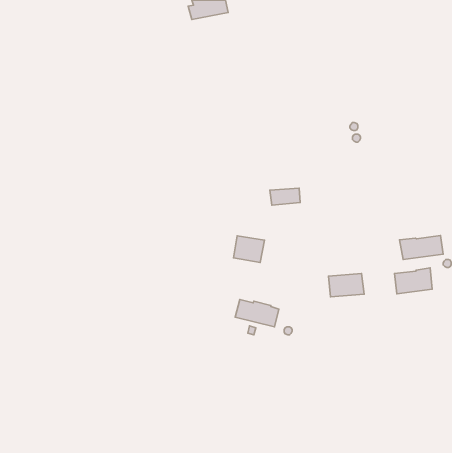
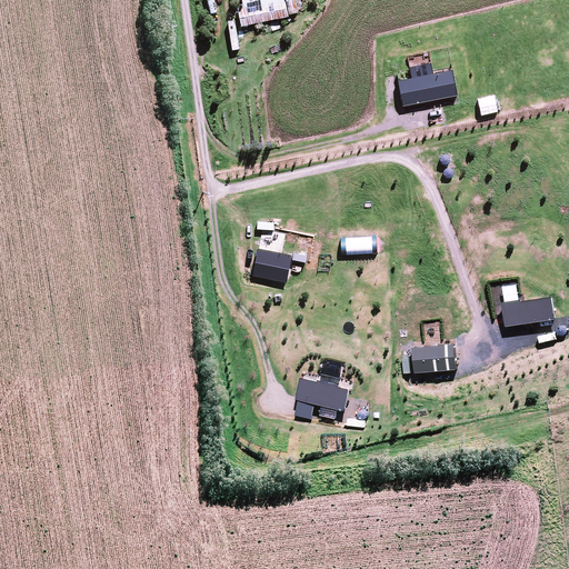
building: none -> [396,69,455,106]
building: [234,236,265,262] -> [251,248,290,281]
building: [394,268,432,294] -> none

